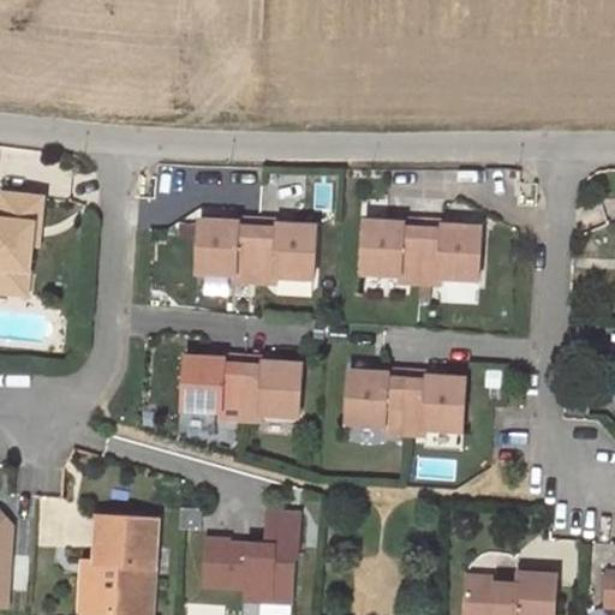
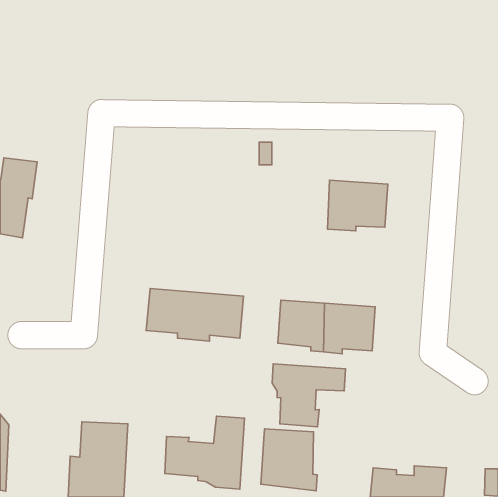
building: [196,219,314,283] -> none
building: [360,220,406,282] -> none
building: none -> [272,364,346,427]
building: none -> [261,429,317,491]

